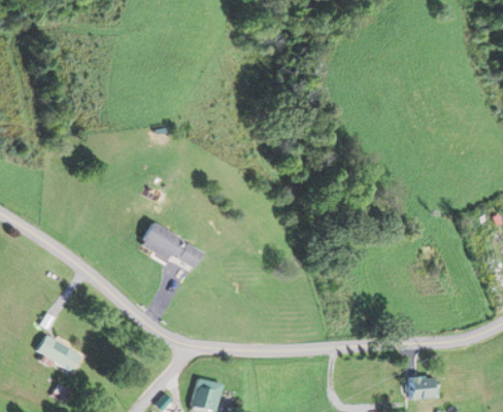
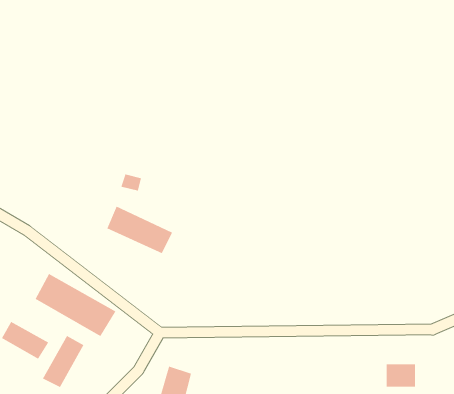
building: none -> [35,273,116,337]
building: none -> [42,335,84,388]

